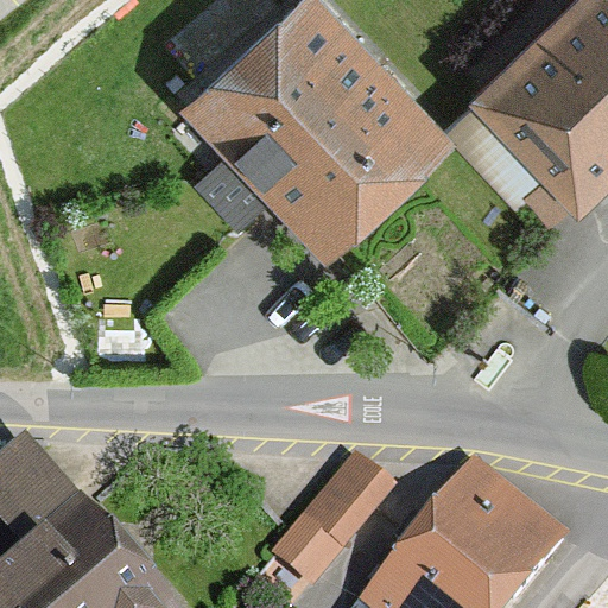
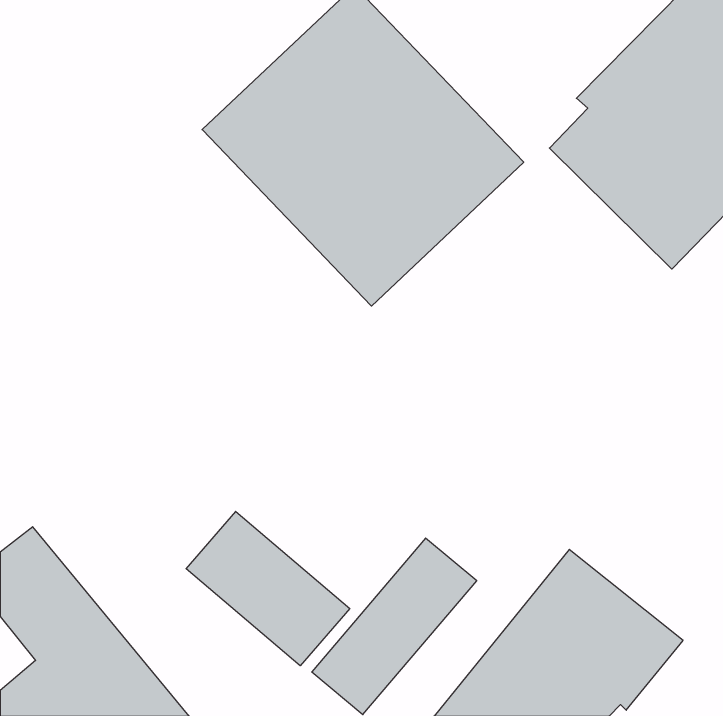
building: none -> [186,511,350,666]

